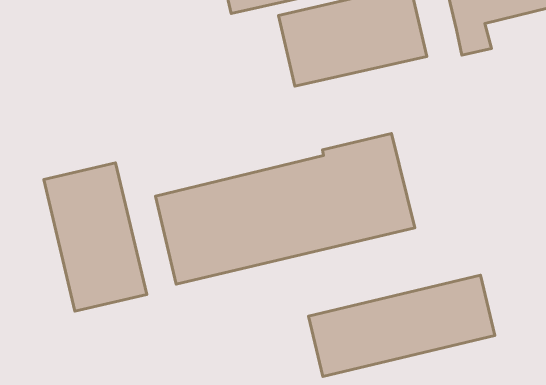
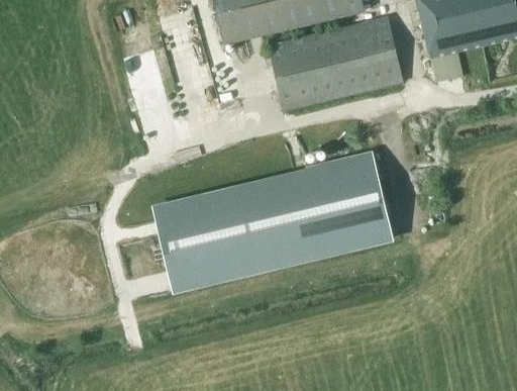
building: [44,163,147,311] -> none
building: [309,275,495,376] -> none

